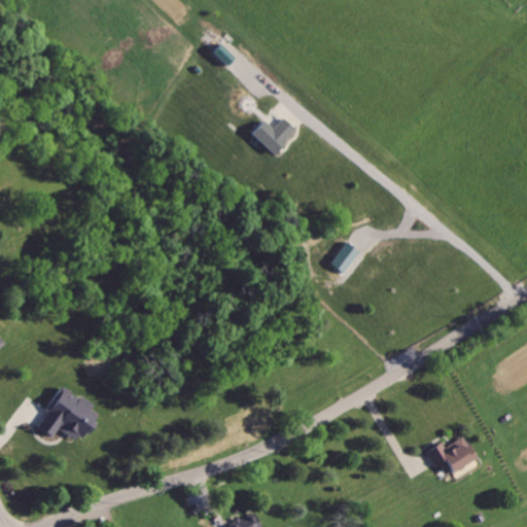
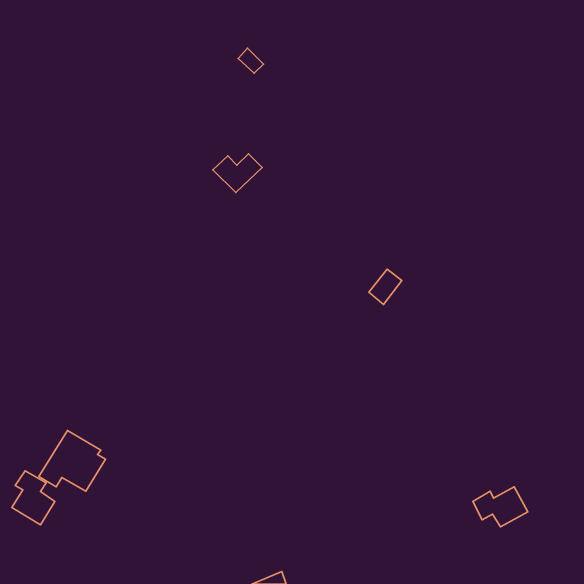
building: [252,118,296,153] -> [213,154,262,193]
building: none -> [12,471,55,525]

